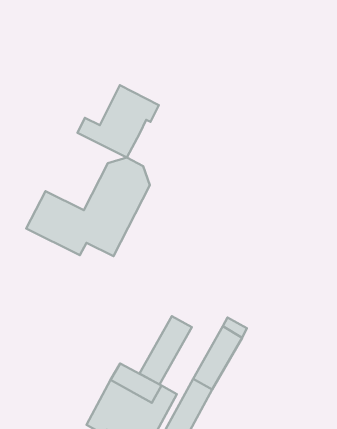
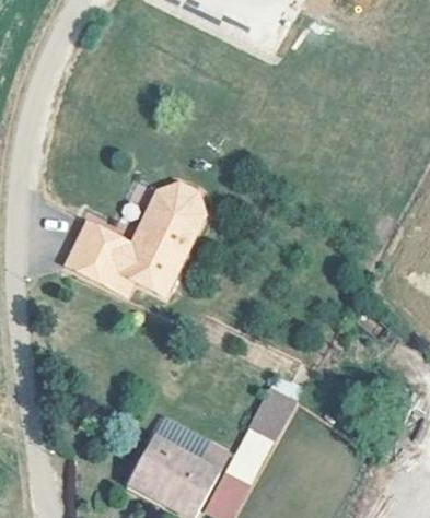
building: [77,85,159,157] -> none
building: [139,316,192,385] -> none

